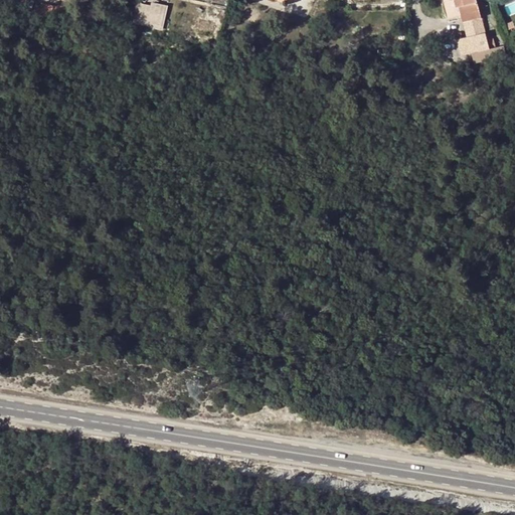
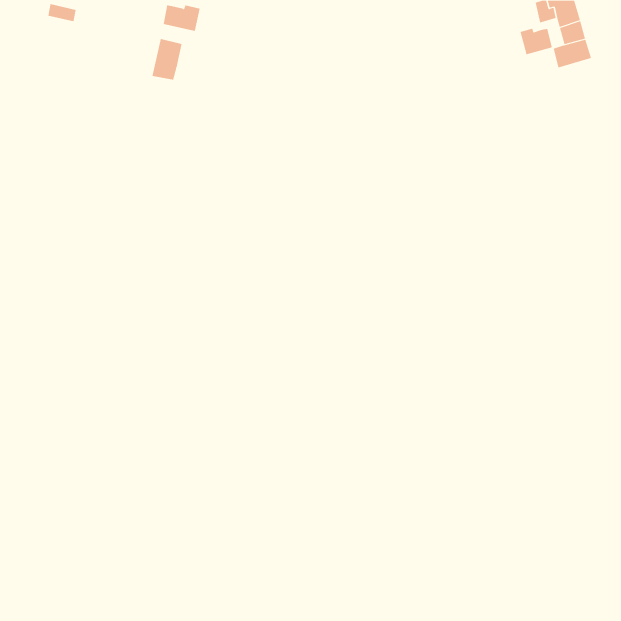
building: none -> [520,28,553,55]
building: none -> [152,38,182,80]

